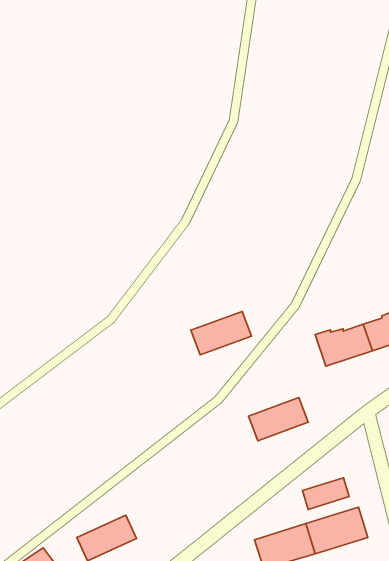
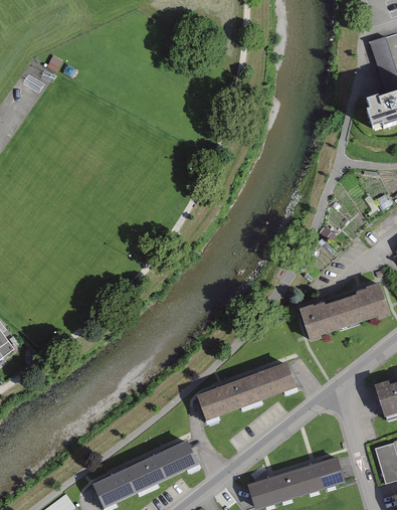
building: [191,312,251,355] -> [198,379,250,416]
building: [302,478,349,509] -> none
building: none -> [137,442,195,485]

